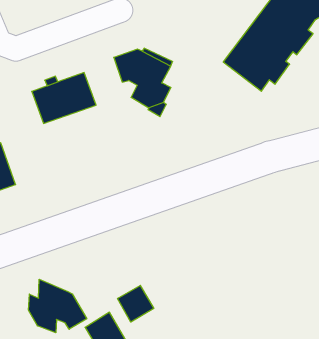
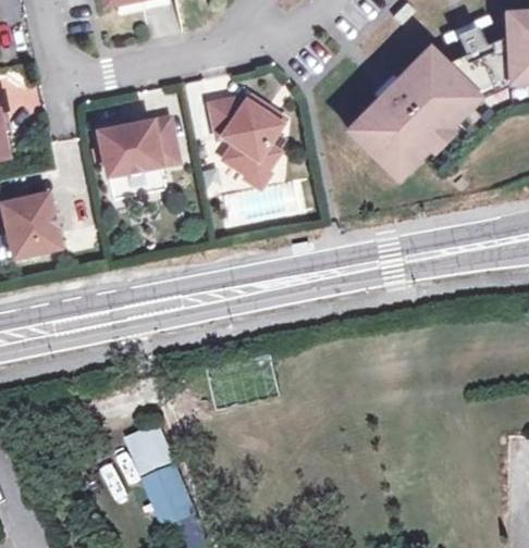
building: [29,279,87,333] -> none
building: [118,285,154,322] -> none

